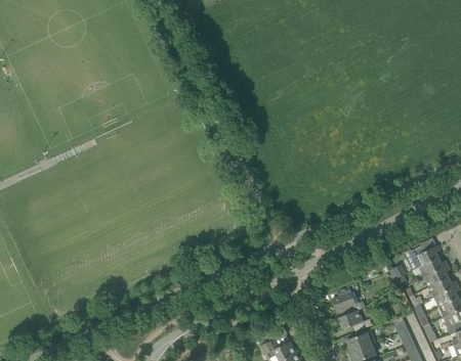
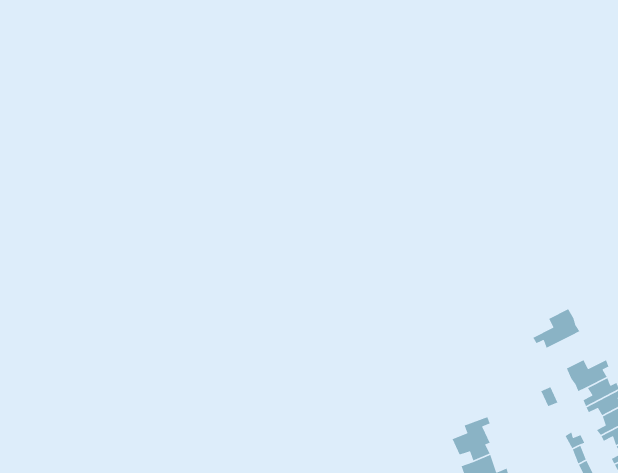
building: none -> [532,308,580,349]

